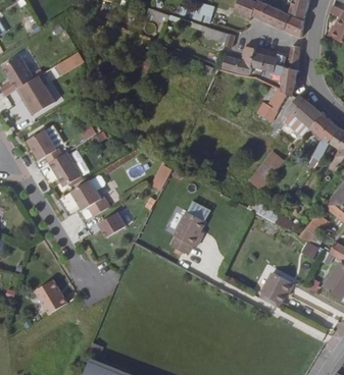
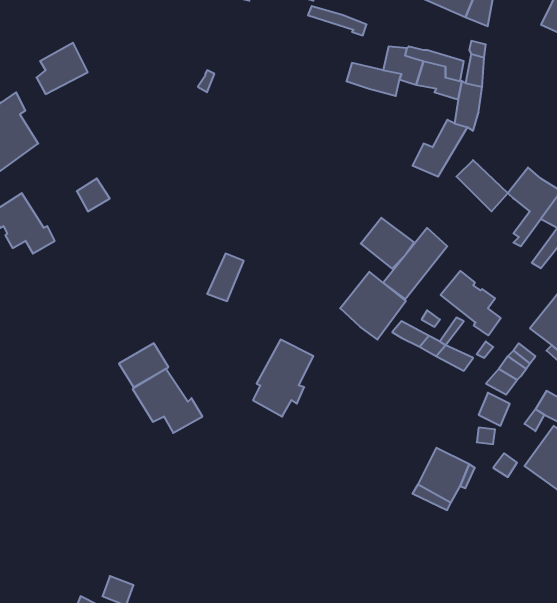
building: [290,99,324,130] -> none
building: none -> [361,218,414,269]
building: [48,154,80,188] -> none
building: none -> [441,271,501,335]
building: none -> [340,272,406,340]
building: [69,181,108,217] -> [133,369,202,433]
building: [35,280,65,315] -> none

